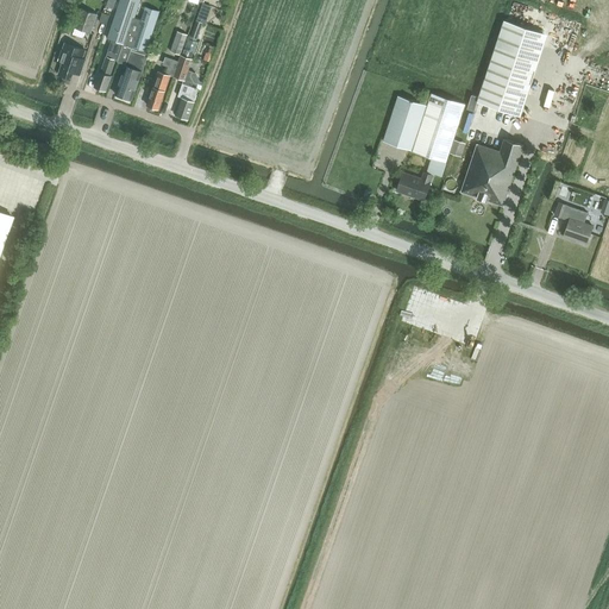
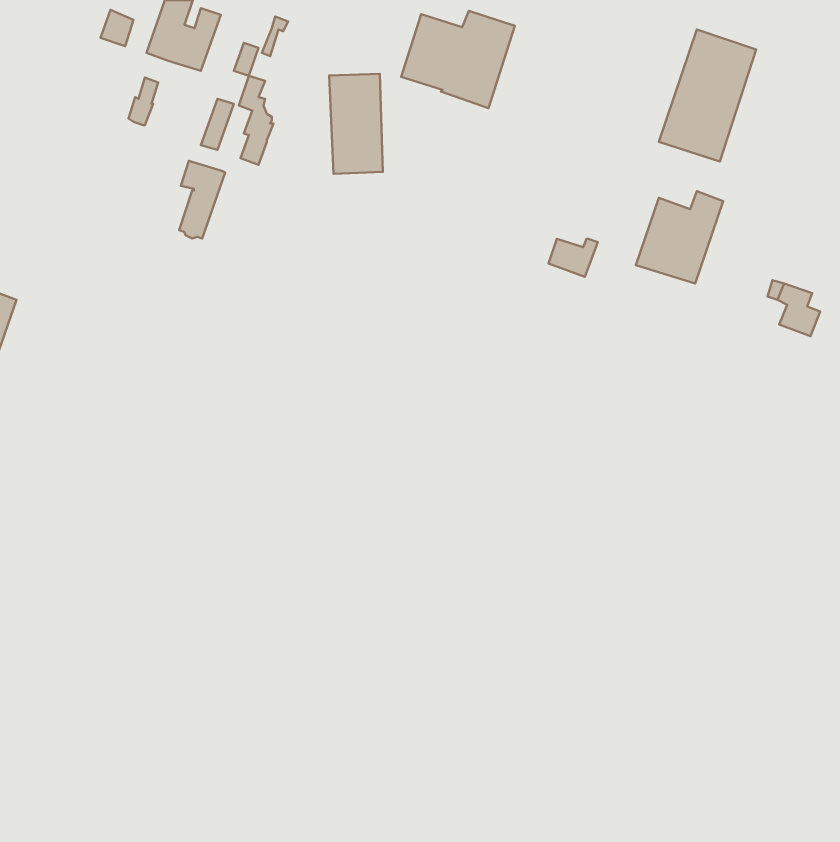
building: [57,42,86,79] -> none
building: [114,44,147,100] -> [179,161,225,238]
building: none -> [329,74,383,174]
building: [382,93,464,163] -> [401,11,515,108]

